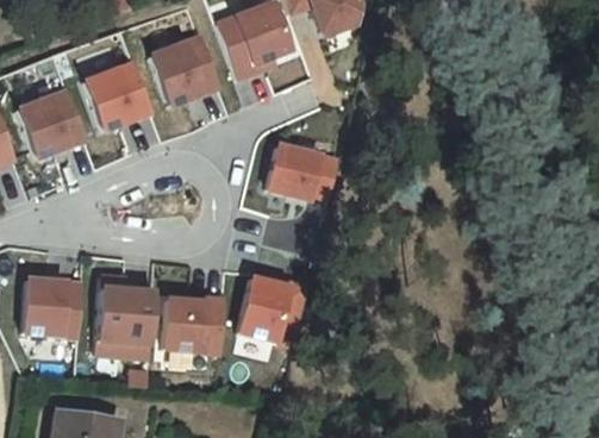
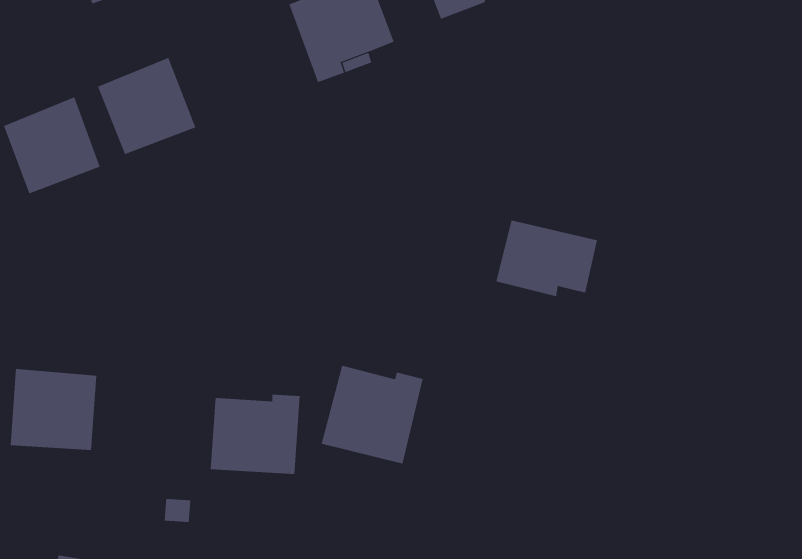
building: [150,36,220,105] -> none
building: [269,144,341,198] -> [495,220,598,297]
building: [96,274,155,356] -> none

